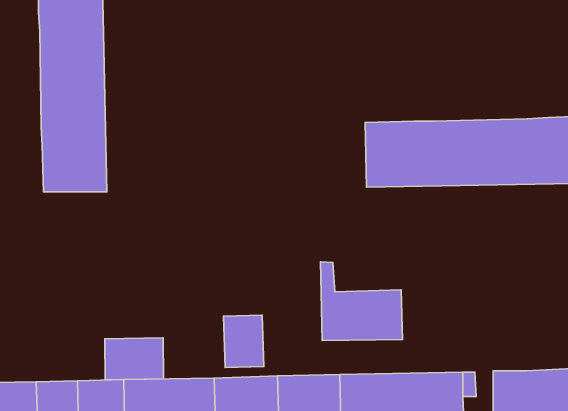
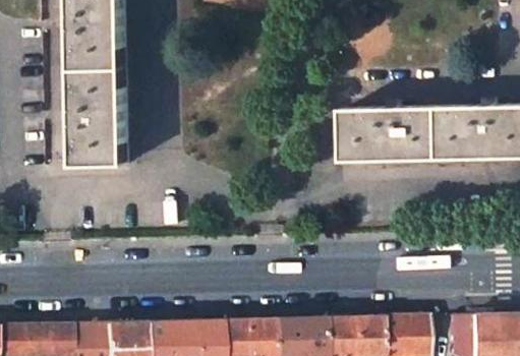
building: [321,262,403,341] -> none
building: [223,315,264,367] -> none
building: [105,338,164,380] -> none

